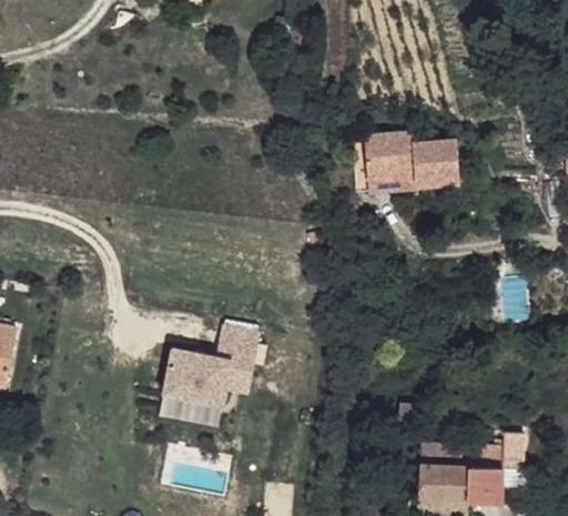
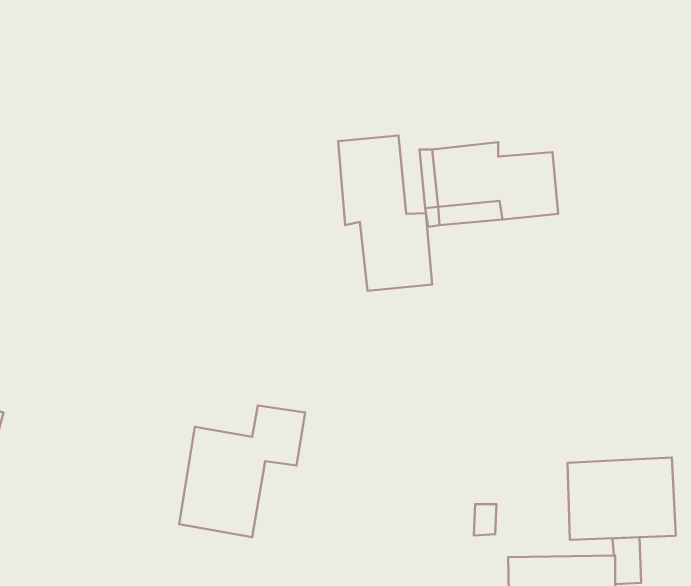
building: none -> [338,136,432,291]
building: none -> [567,457,676,540]

